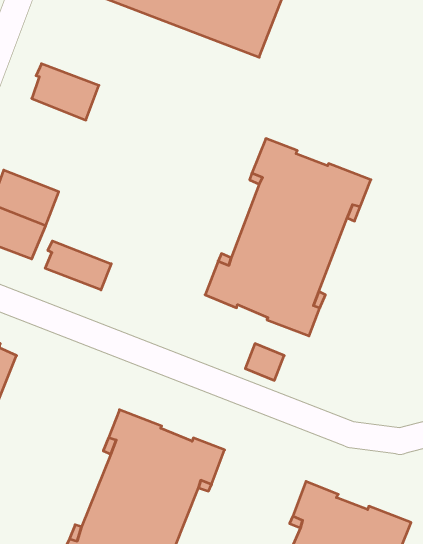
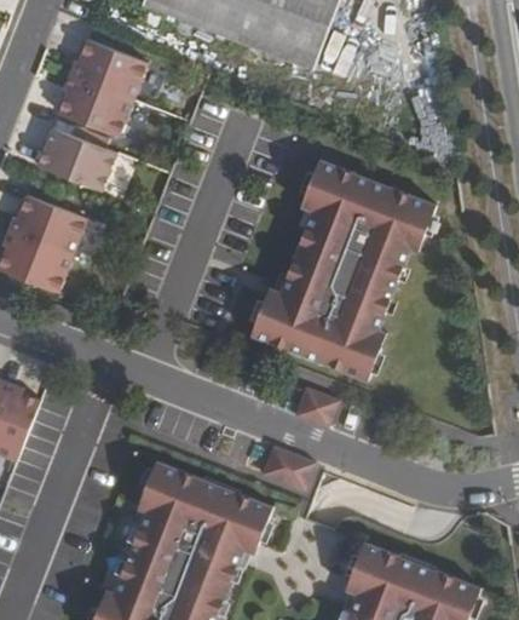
building: none -> [68,38,148,99]
building: none -> [36,127,115,190]
building: [45,241,111,290] -> none
building: none -> [261,446,315,490]

